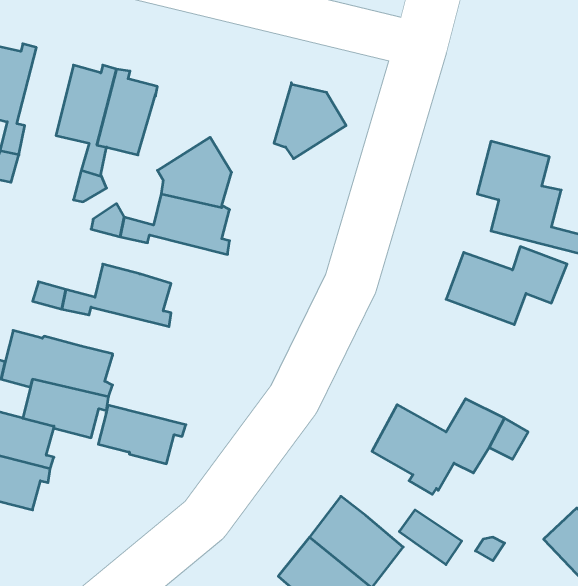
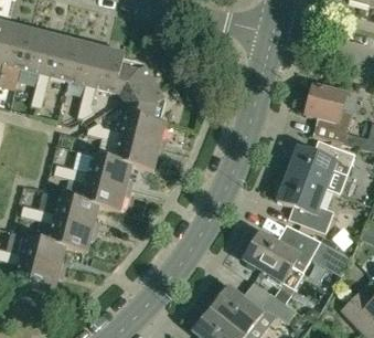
building: none -> [44,30,76,80]
building: [274,83,346,159] -> [113,56,153,99]
building: none -> [114,136,163,169]
building: none -> [276,172,333,232]
building: [98,405,186,464] -> [81,177,130,210]

